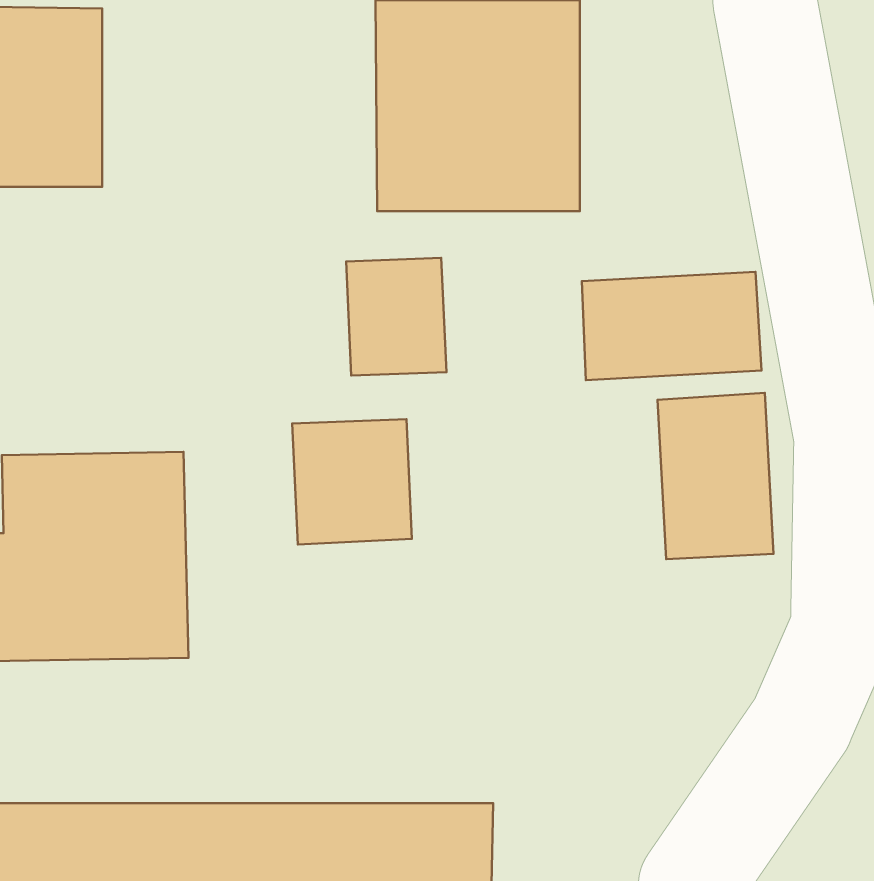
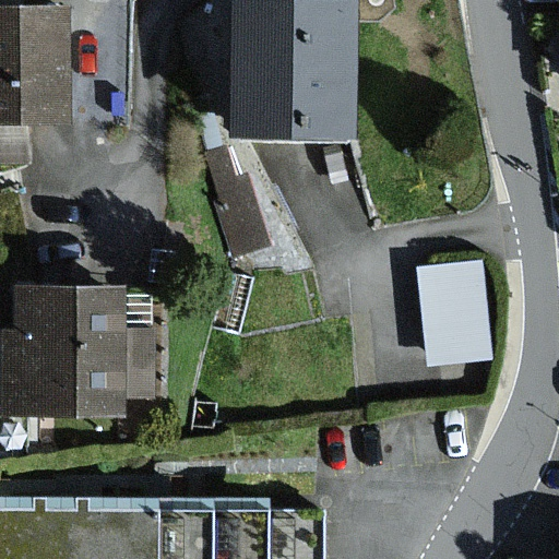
building: [582,272,761,380] -> none
building: [292,419,412,545] -> none

